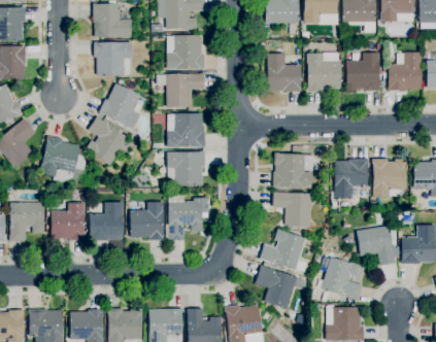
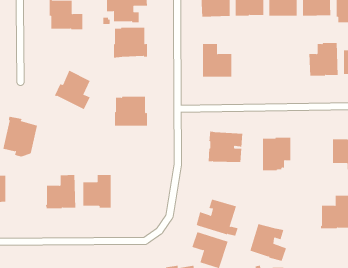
building: [95,42,132,76] -> none
building: [307,53,341,92] -> none
building: [346,53,380,92] -> none
building: [157,73,205,107] -> none
building: [85,116,129,166] -> none
building: [167,151,205,185] -> none
building: [372,159,407,198] -> none
building: [273,192,312,227] -> none
building: [166,194,203,240] -> none
building: [51,203,85,241] -> none
building: [356,226,399,266] -> none

